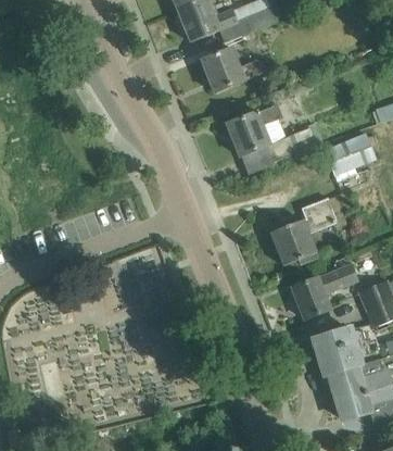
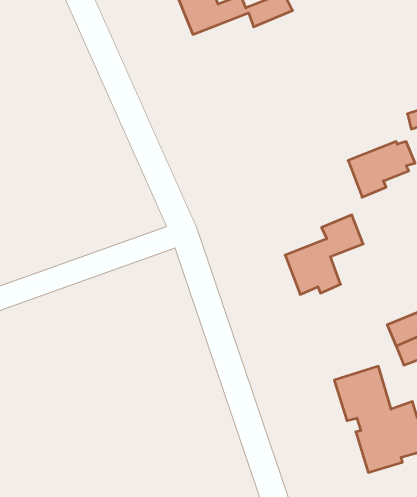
building: [201,47,262,92] -> none
building: [226,103,324,174] -> none
building: [291,263,357,320] -> none

